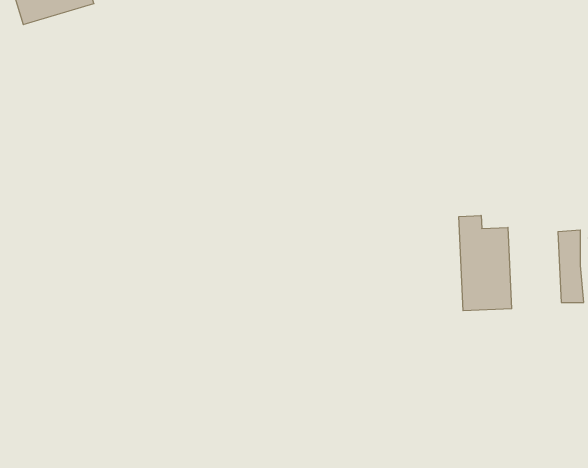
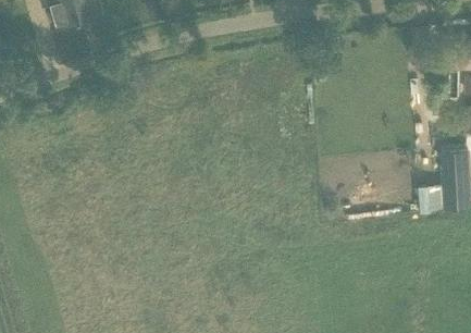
building: [459,215,512,311] -> none

